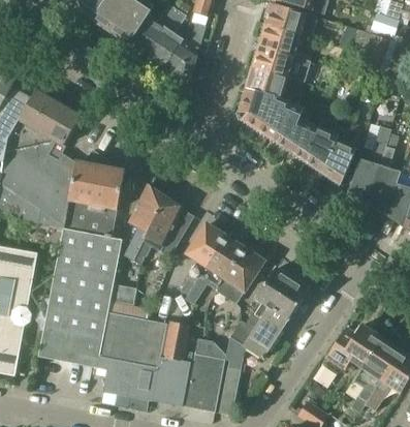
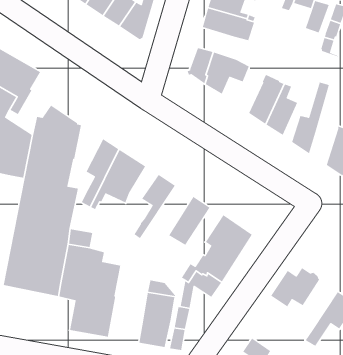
building: [247,67,292,101] -> none
building: [275,109,318,159] -> none
building: [369,132,399,215] -> none
building: [185,237,244,304] -> none
building: [153,319,191,405] -> none
building: [350,338,399,411] -> none

